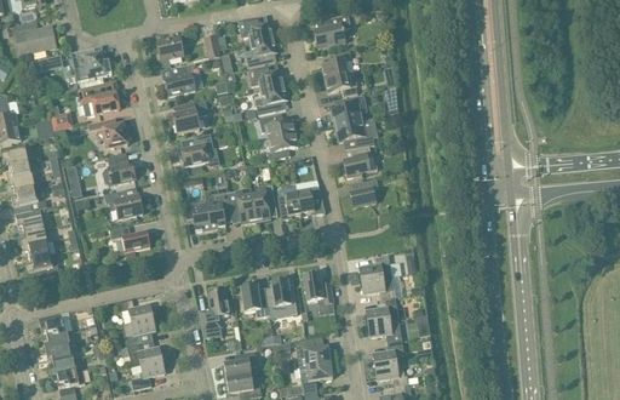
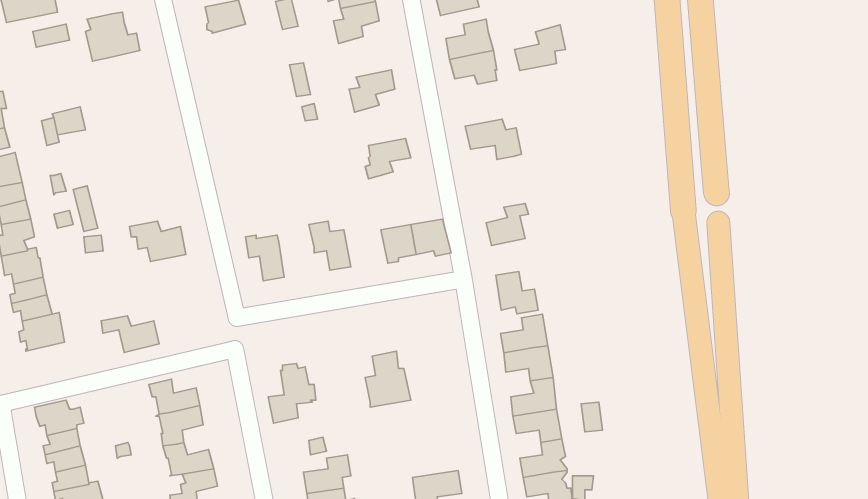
building: [163,63,194,95] -> none
building: [247,64,283,90] -> none
building: [76,81,119,113] -> none
building: [331,92,366,124] -> [514,25,565,71]
building: [172,99,207,132] -> none
building: [258,114,293,137] -> none
building: [86,116,130,148] -> none
building: [179,132,211,165] -> none
building: [343,144,377,177] -> none
building: [101,152,134,184] -> none
building: [251,184,275,221] -> none
building: [206,192,230,228] -> none
building: [109,225,149,251] -> [101,316,159,353]
building: [303,274,332,303] -> [496,272,538,314]
building: [240,285,269,316] -> none
building: [294,338,329,366] -> none

